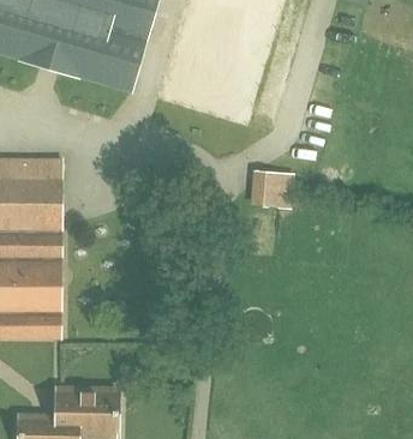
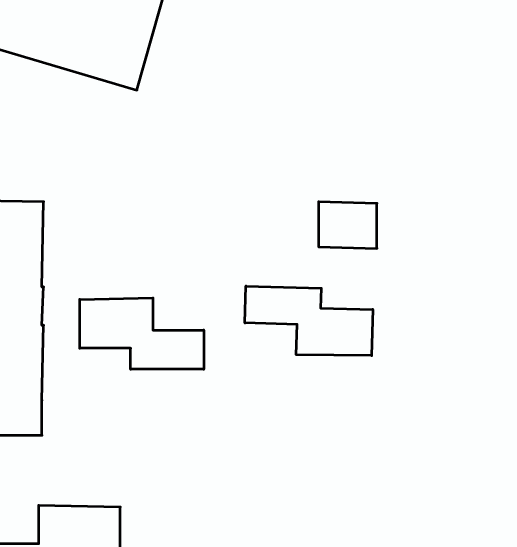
building: none -> [245,286,373,356]
building: none -> [80,298,204,369]

